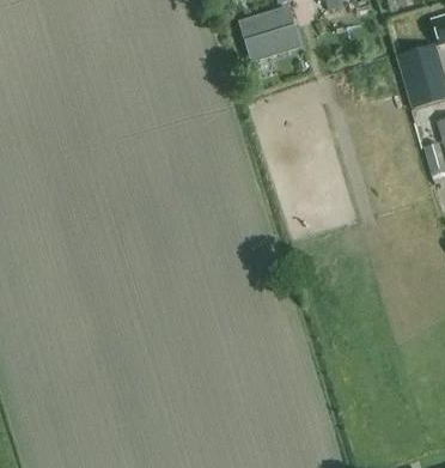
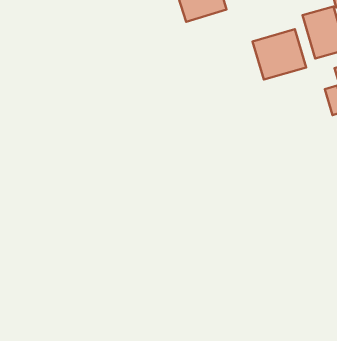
building: none -> [253,29,306,80]

